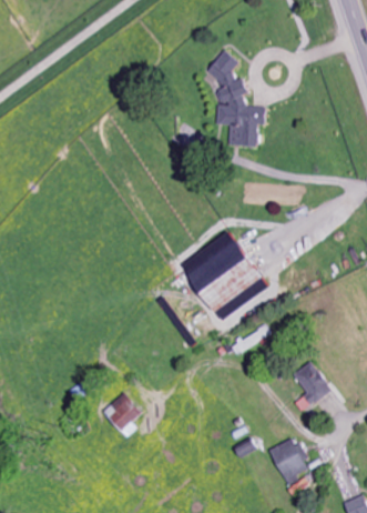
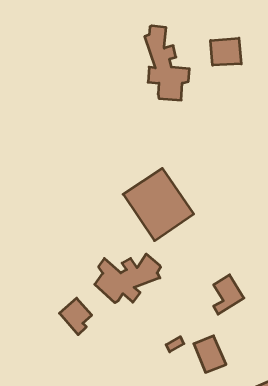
building: none -> [211,38,241,65]
building: none -> [95,254,161,303]

